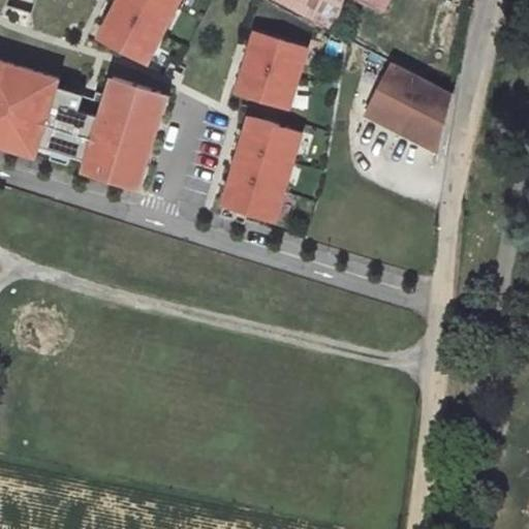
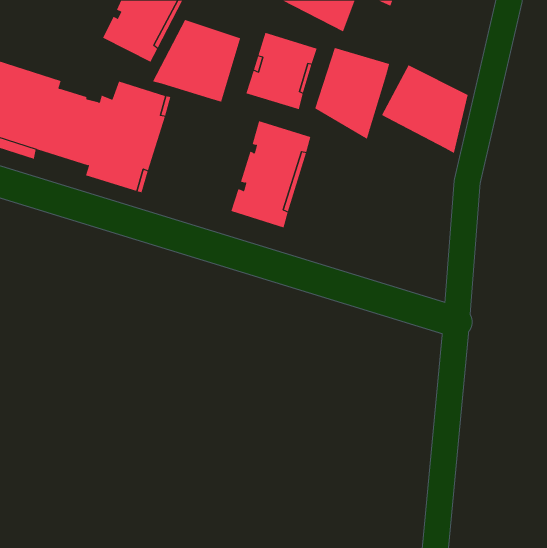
building: none -> [152,19,241,102]
building: none -> [315,47,390,140]

